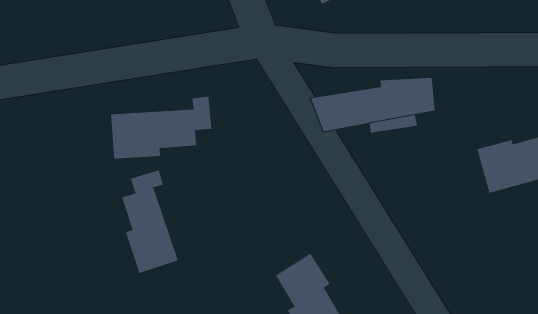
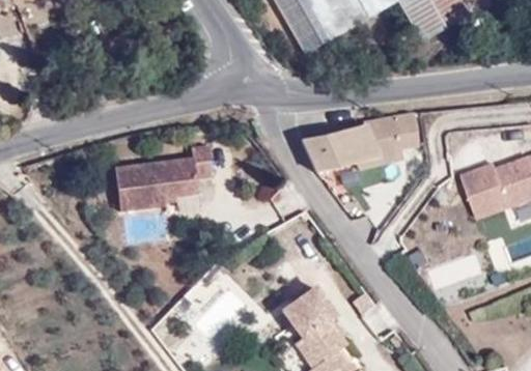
building: [122,169,178,274] -> none

